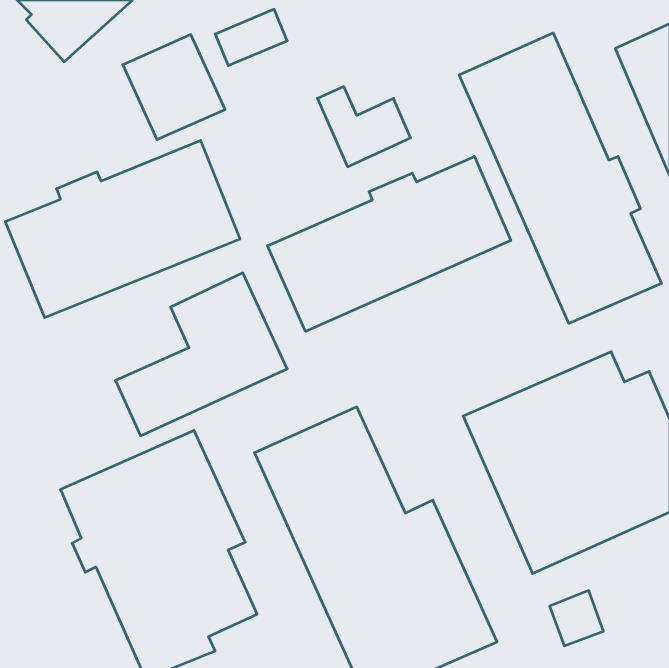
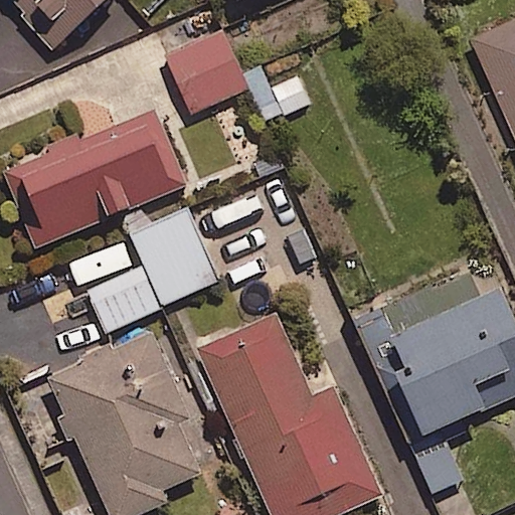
building: [459,33,661,323] -> none
building: [123,35,225,140] -> [170,36,248,117]
building: [267,156,511,331] -> none

